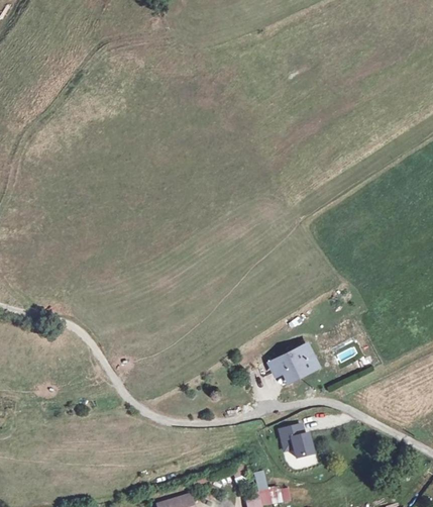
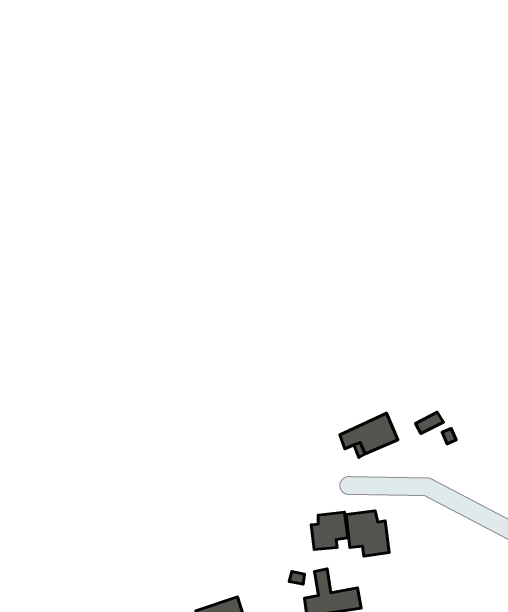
building: none -> [311,512,348,550]

